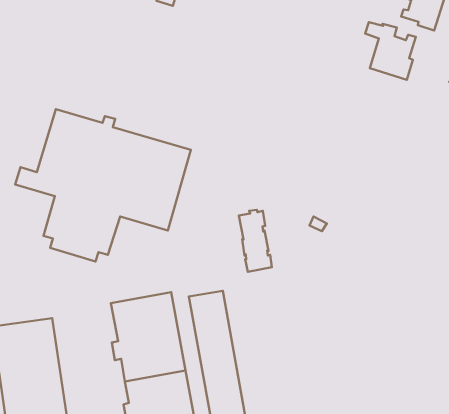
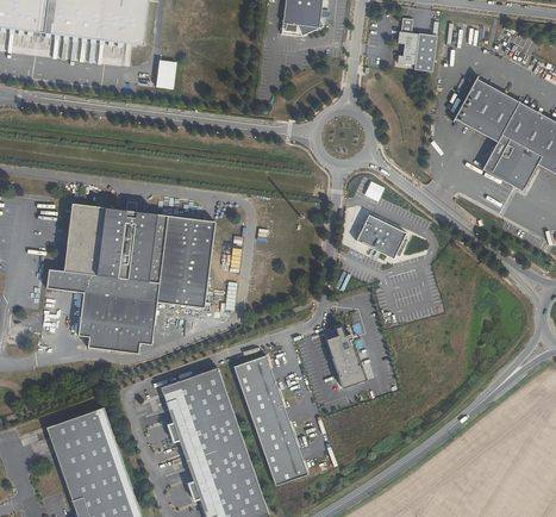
building: [365,22,416,80] -> none
building: none -> [355,214,406,257]
building: [239,210,272,272] -> [324,326,364,388]

